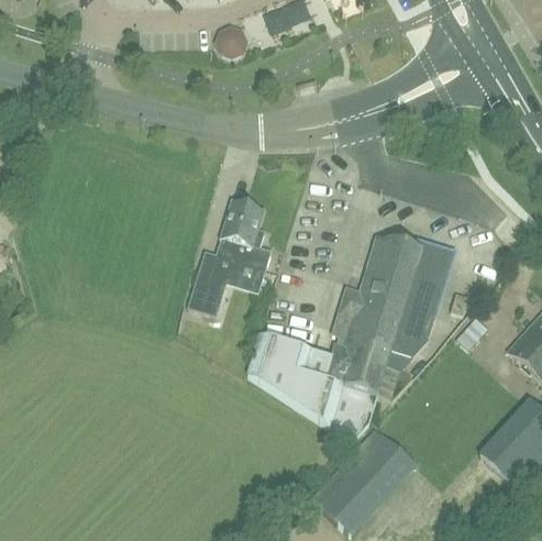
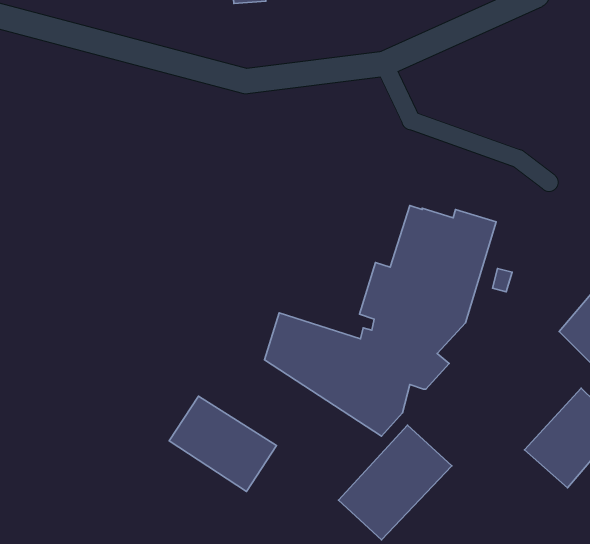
building: [188,201,272,314] -> none
building: none -> [169,396,277,491]

